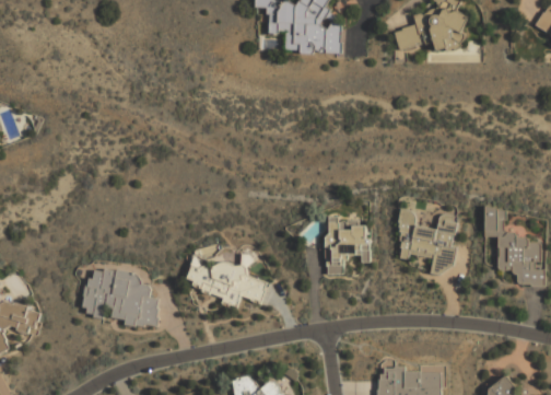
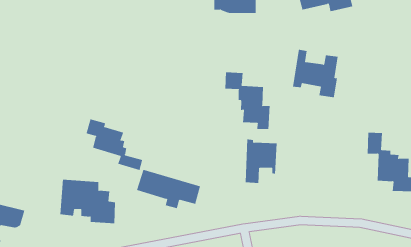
building: none -> [225,71,270,130]
building: none -> [86,119,143,171]
building: [396,209,456,272] -> [292,49,339,98]

